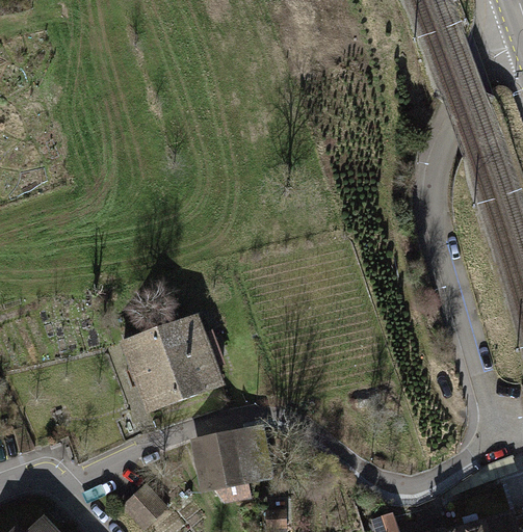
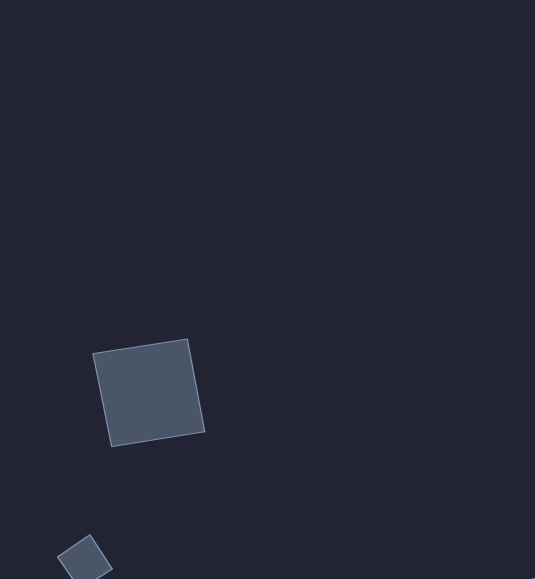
building: [195,426,269,498] -> none

